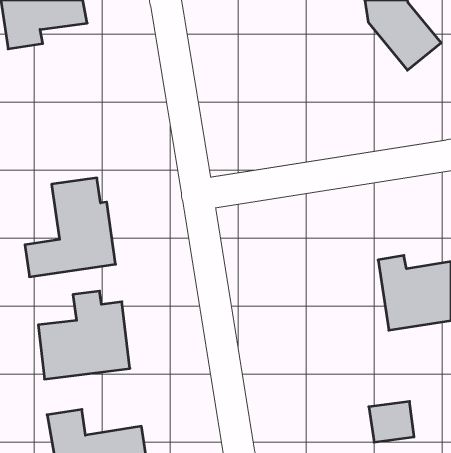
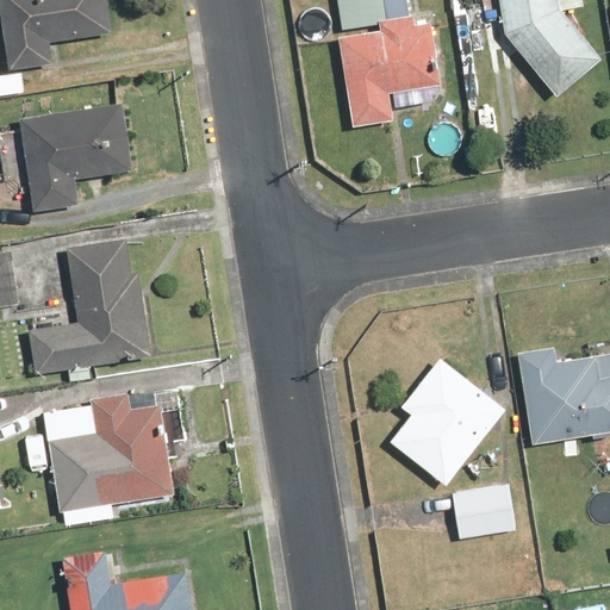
building: none -> [326,14,429,126]
building: none -> [23,104,137,211]
building: none -> [380,359,493,484]
building: [369,401,414,442] -> [458,484,518,539]

